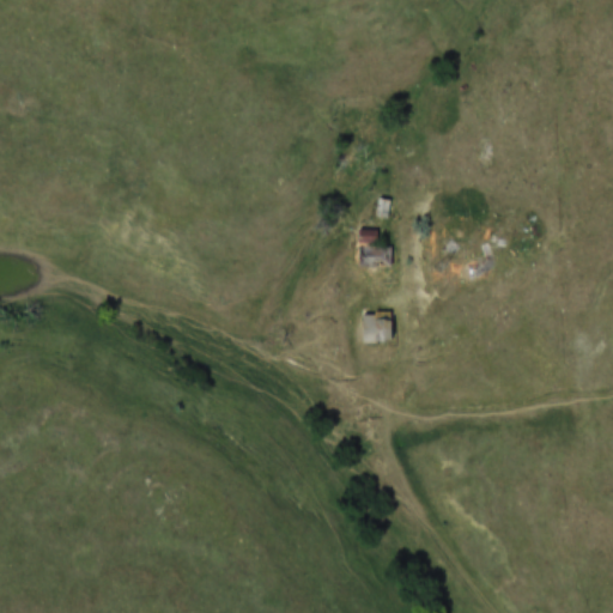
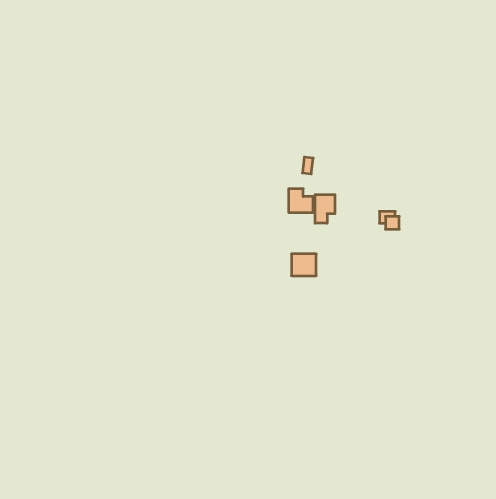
building: none -> [315,195,335,223]

